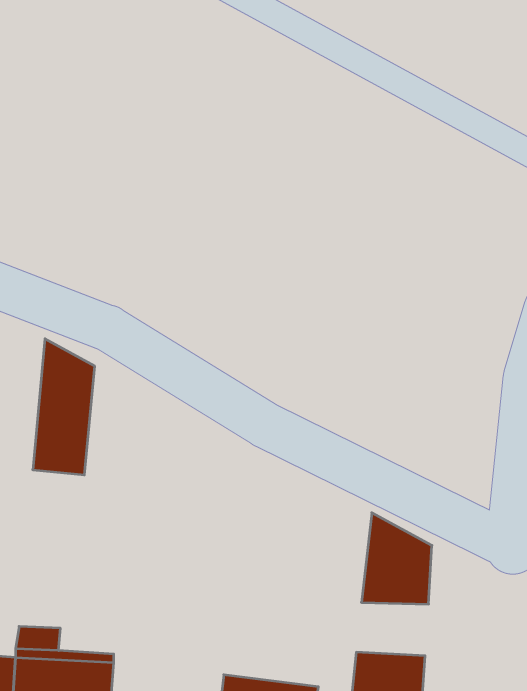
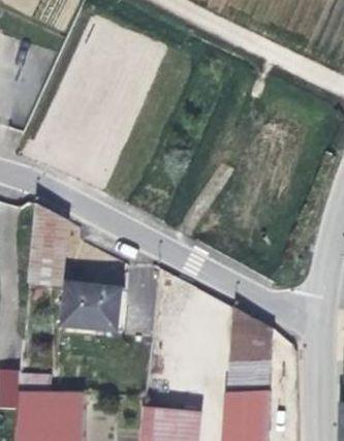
building: none -> [61,285,122,335]
building: none -> [223,361,267,393]

